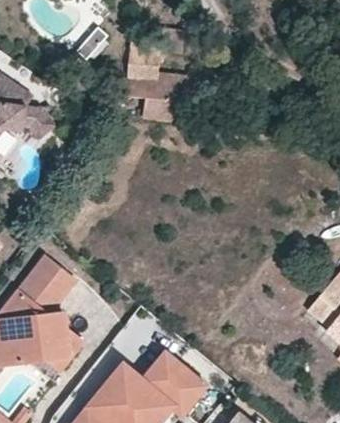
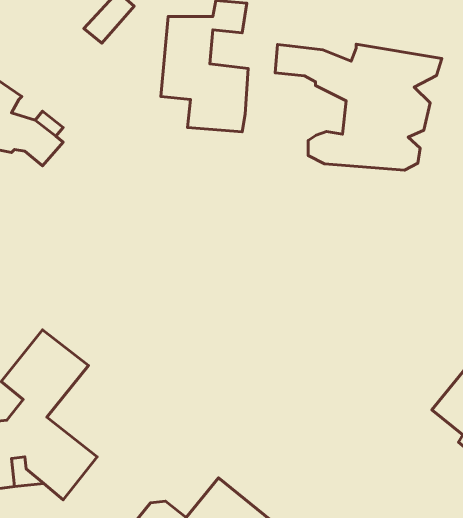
building: none -> [275,44,442,170]

